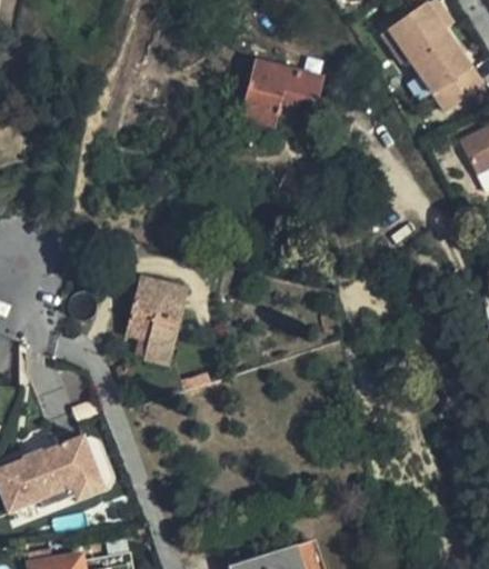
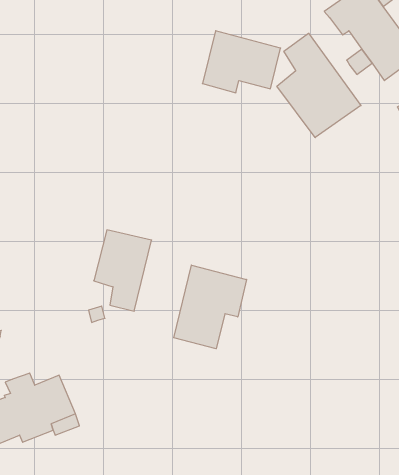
building: none -> [277,33,361,138]
building: none -> [174,265,247,349]

